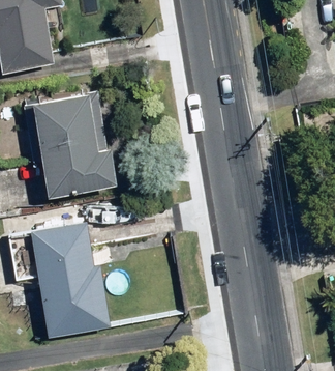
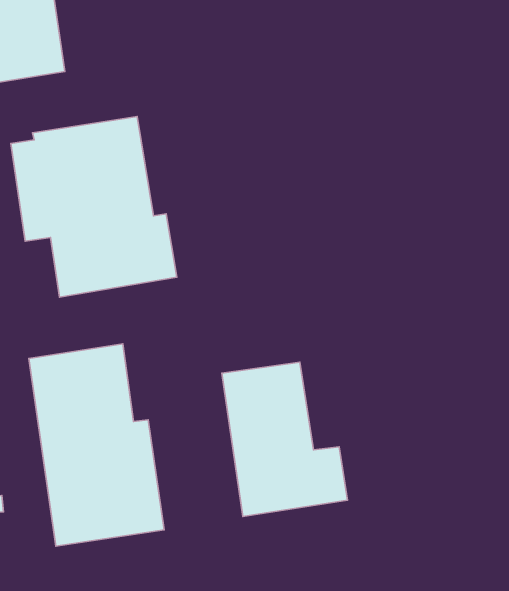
building: none -> [222,362,348,517]

